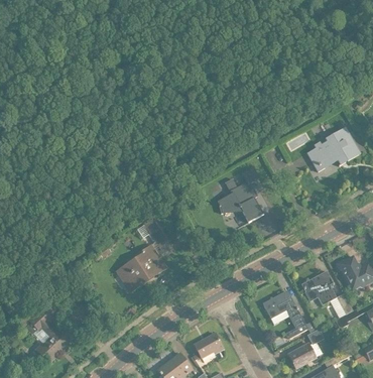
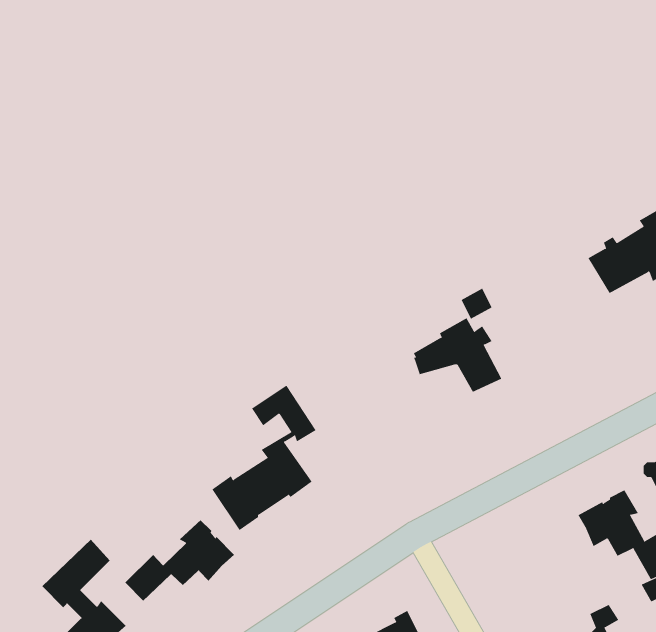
building: none -> [124,520,235,601]
building: [263,291,308,339] -> none

